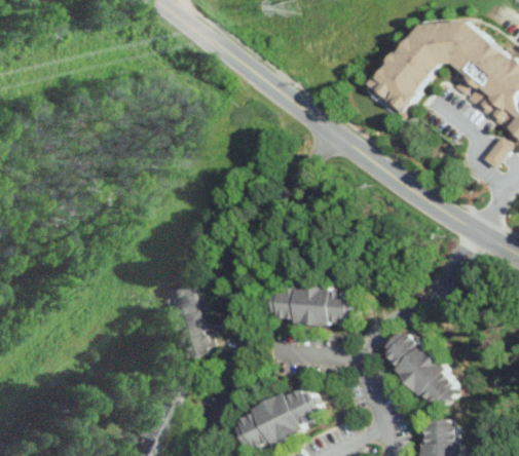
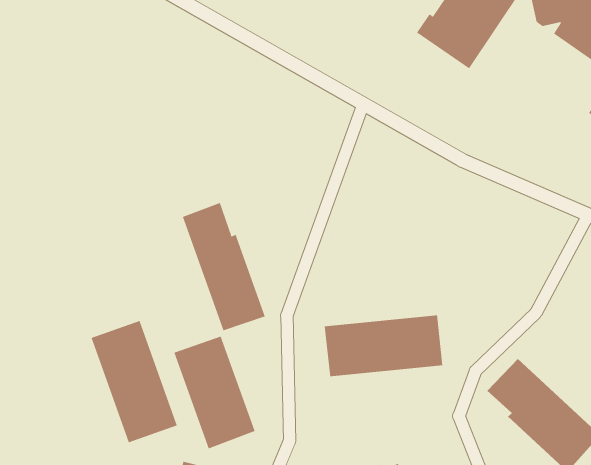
building: none -> [182,202,266,331]
building: none -> [91,320,178,443]

